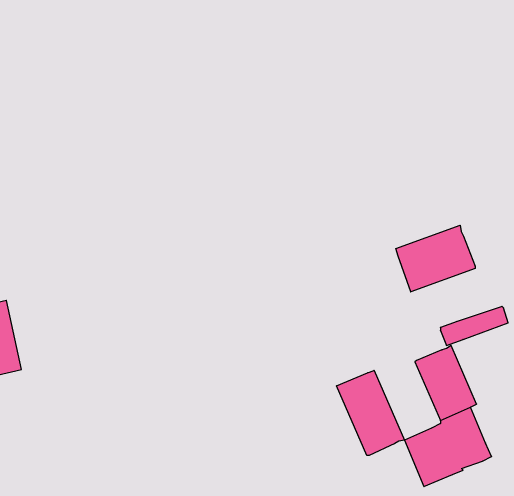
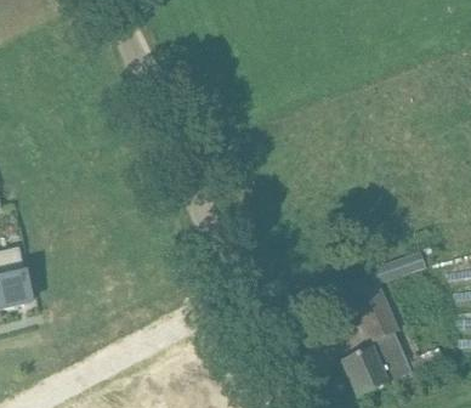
building: [396,225,475,292] -> none
building: [337,370,404,455] -> none

